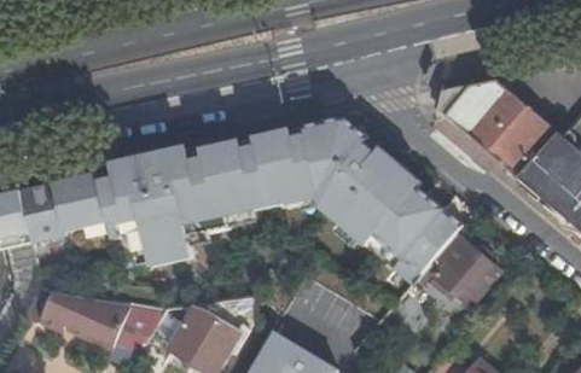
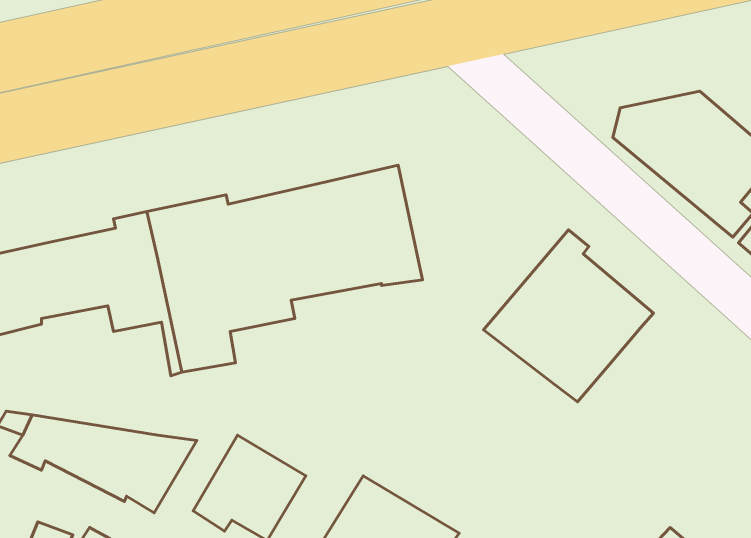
building: [297,117,408,235] -> none
building: [435,234,498,304] -> none

